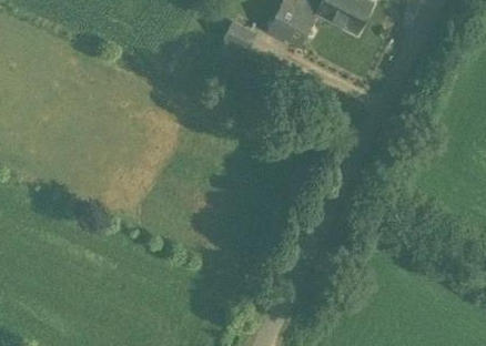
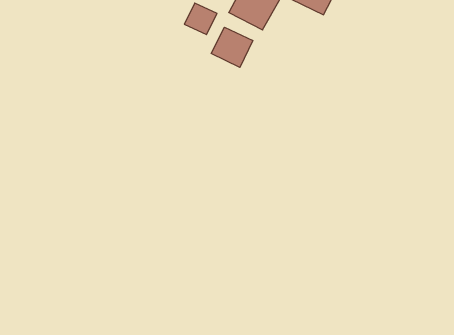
building: none -> [211,27,253,67]

